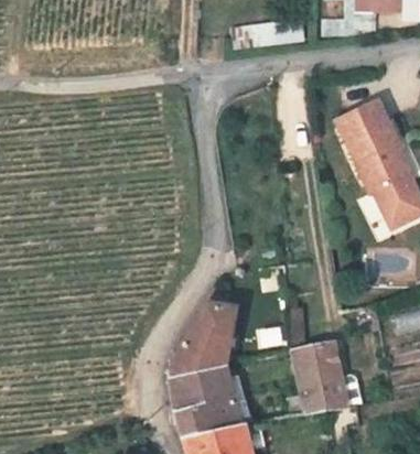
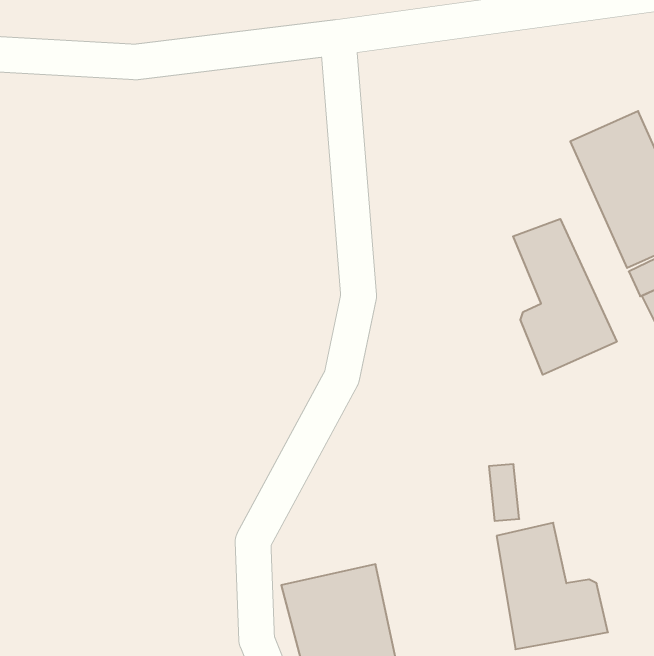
building: none -> [513,219,617,375]
building: [168,291,235,381] -> none

